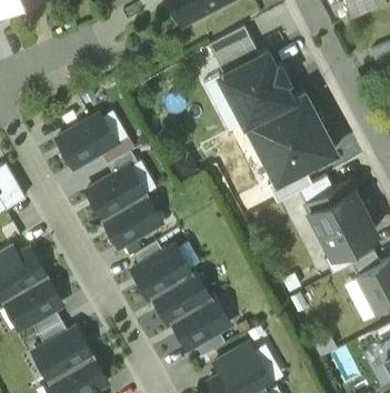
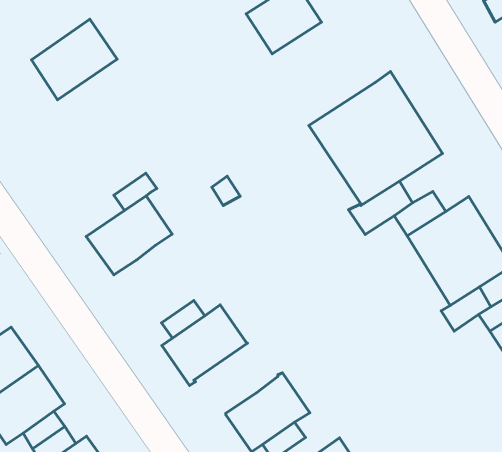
building: [220,54,293,129] -> none
building: [58,115,117,169] -> [31,19,117,100]
building: [103,195,162,248] -> none
building: [152,271,210,324] -> none

